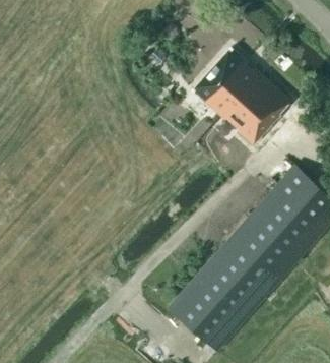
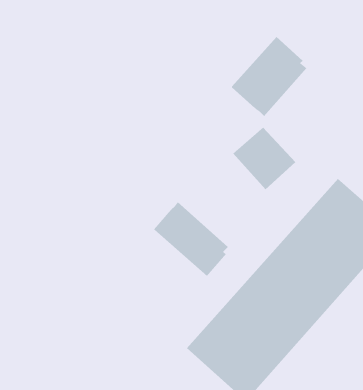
building: [228,72,298,144] -> none
building: none -> [153,202,231,277]

